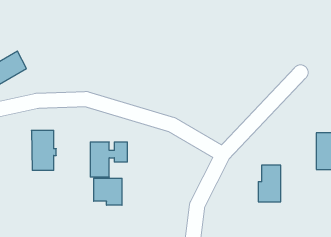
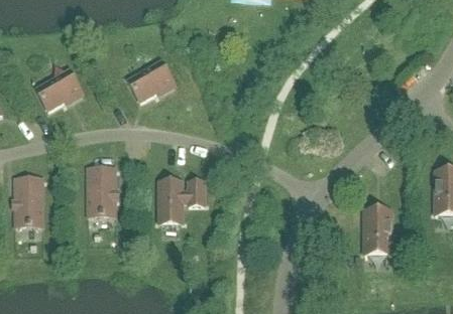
building: none -> [128,63,174,103]
building: [94,178,122,205] -> none

